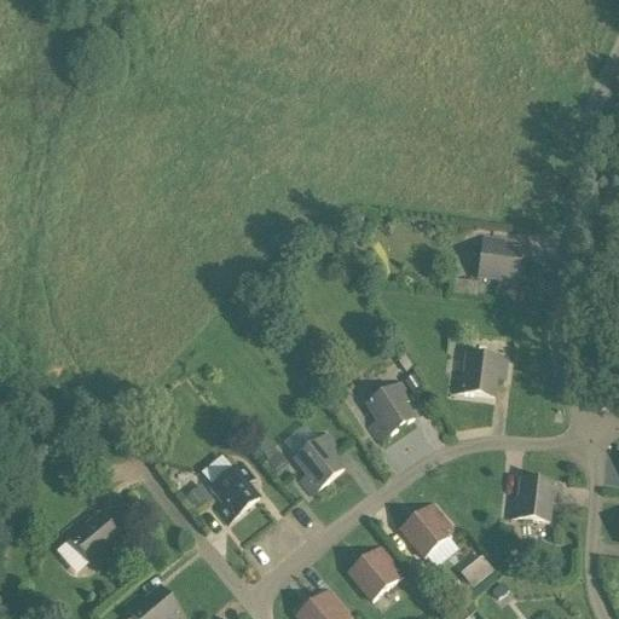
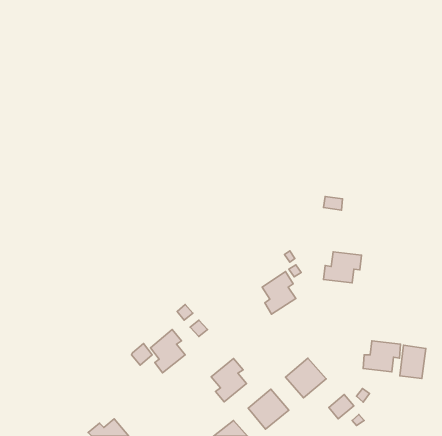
building: [478,236,520,288] -> none
building: [294,432,343,492] -> [211,359,247,402]
building: none -> [400,345,426,378]
building: [64,513,125,562] -> none

